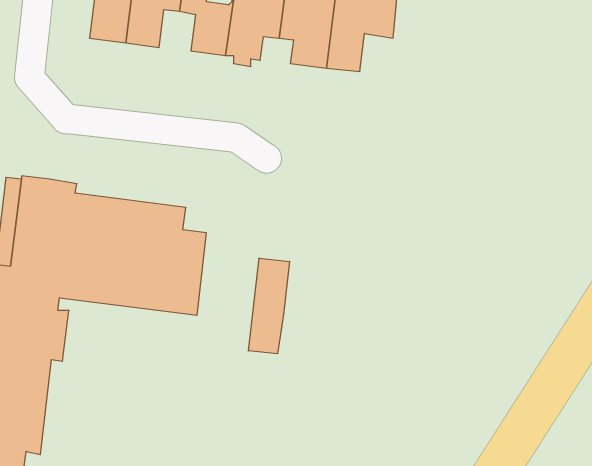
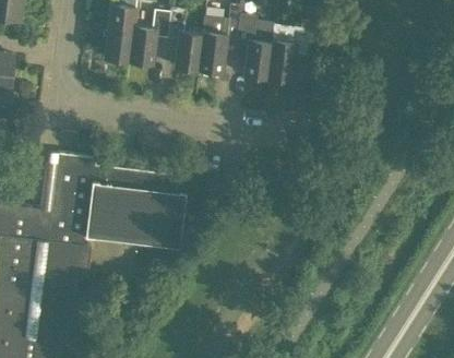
building: [248,258,289,354] -> none

